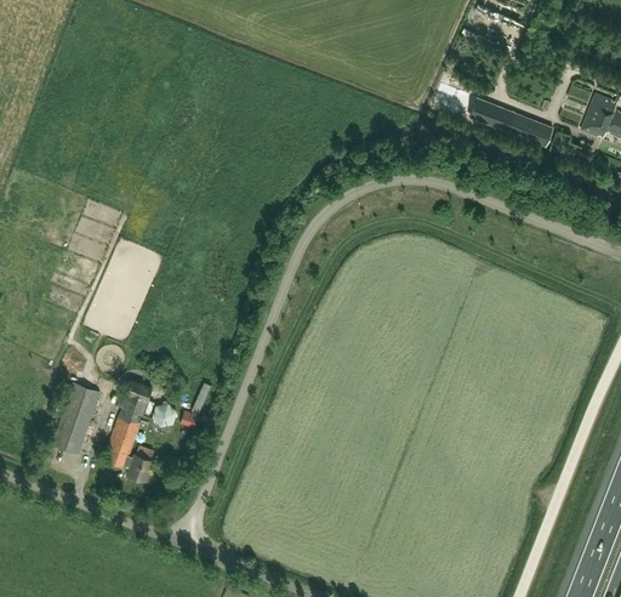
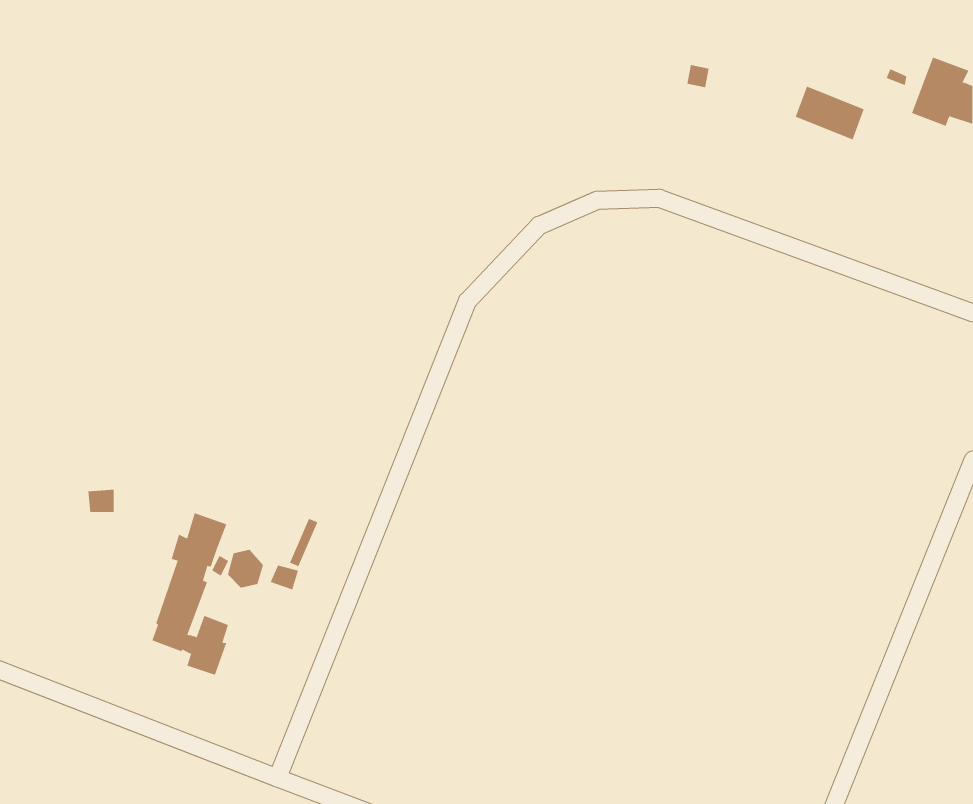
building: [471,97,515,131] -> none
building: [52,382,99,453] -> none

